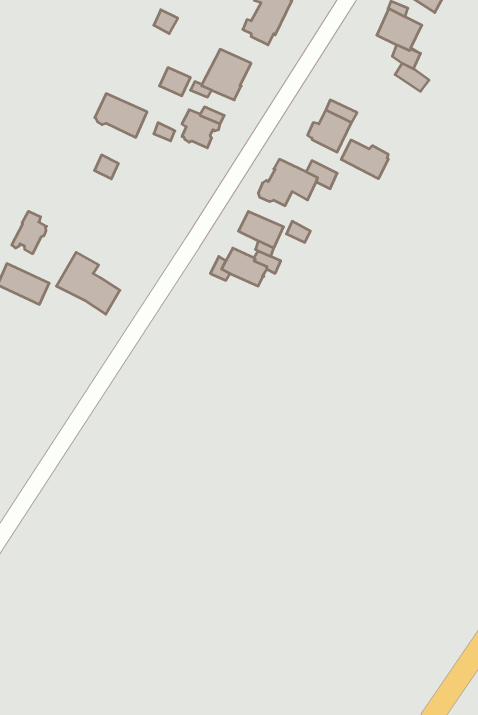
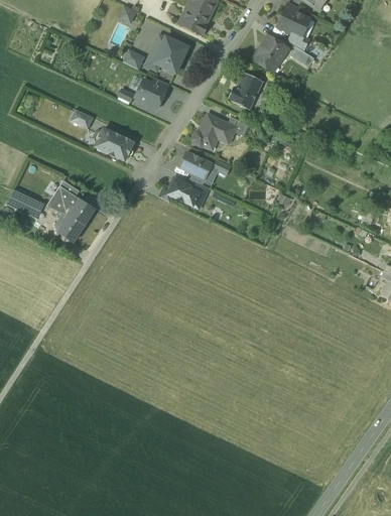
building: none -> [252,35,287,72]
building: [95,94,147,137] -> [95,129,132,160]
building: [341,140,388,179] -> none
building: [12,211,47,254] -> none
building: none -> [57,216,84,243]

